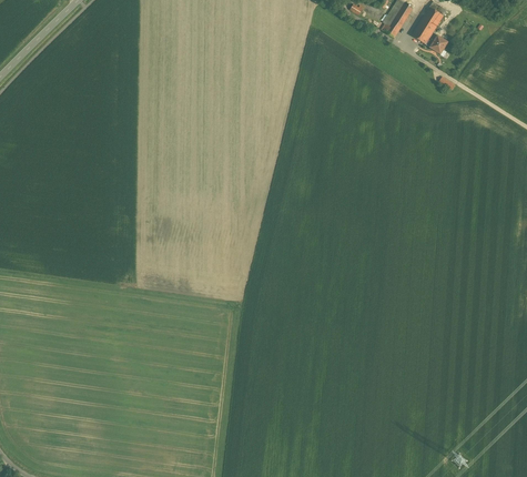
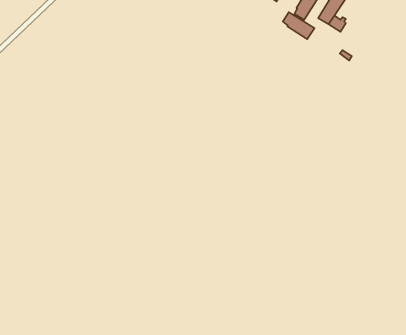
building: none -> [283,12,314,39]

